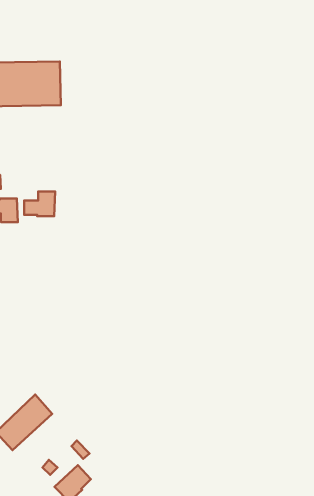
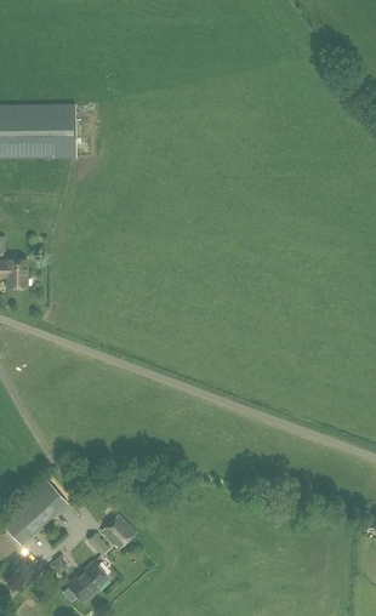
building: [24,191,55,216] -> none
building: none -> [102,514,136,548]

